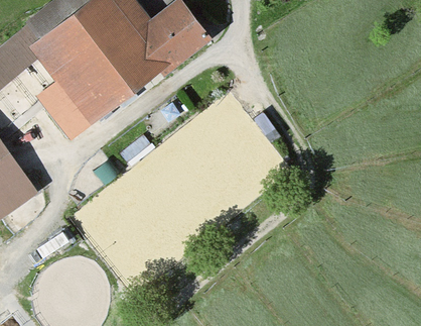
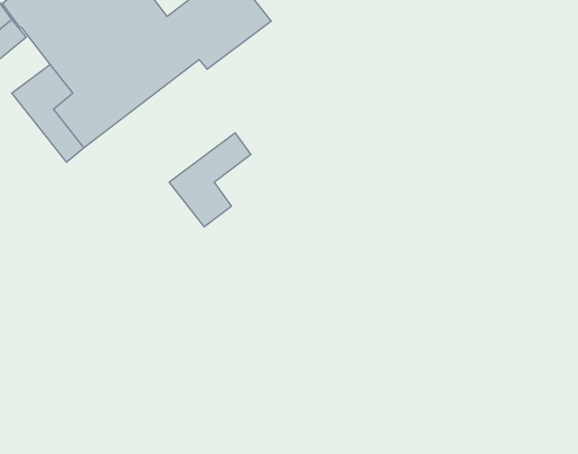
building: none -> [169,133,251,227]

